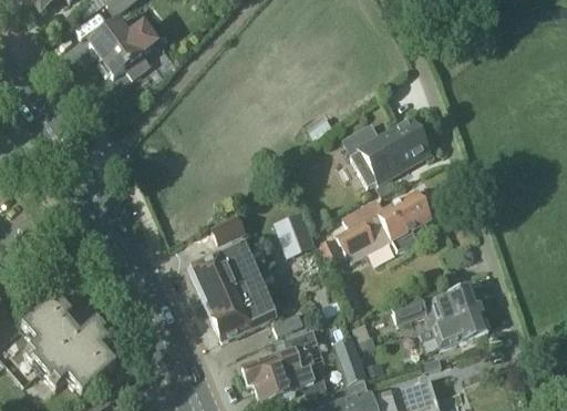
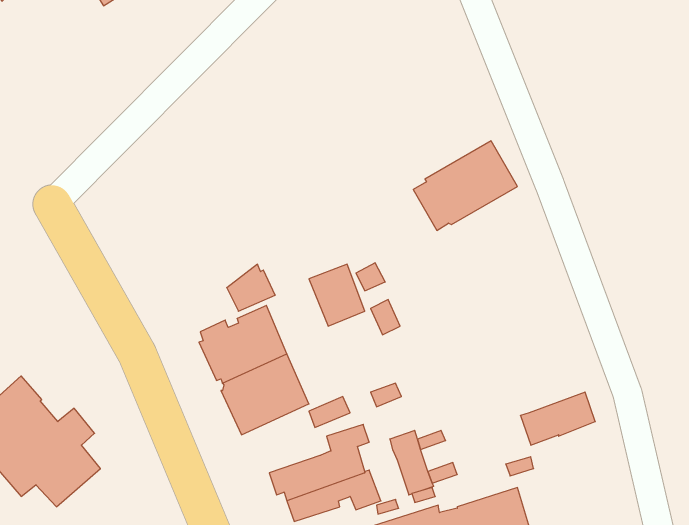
building: [89,20,156,75] -> none
building: [337,191,431,261] -> none
building: [391,285,481,323] -> none

